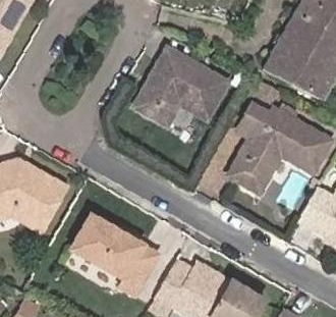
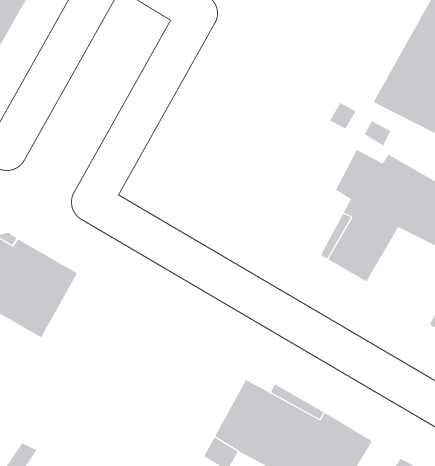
building: [133,46,227,124] -> none
building: [70,213,157,294] -> none

